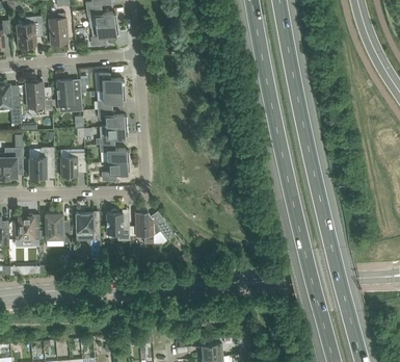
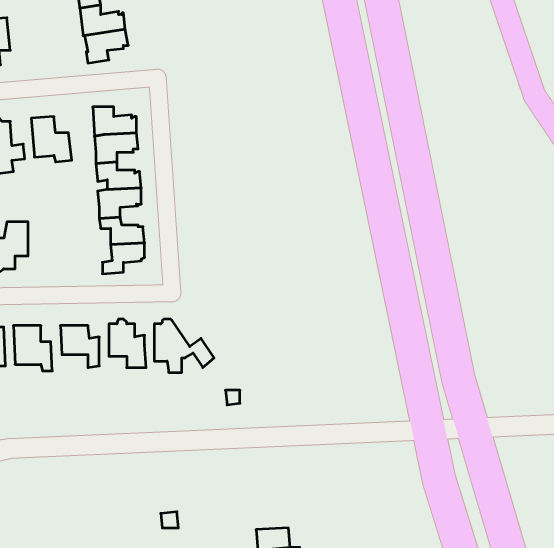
building: [49,14,68,48] -> none
building: [60,153,85,178] -> none

